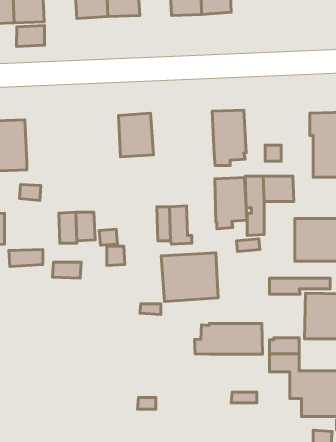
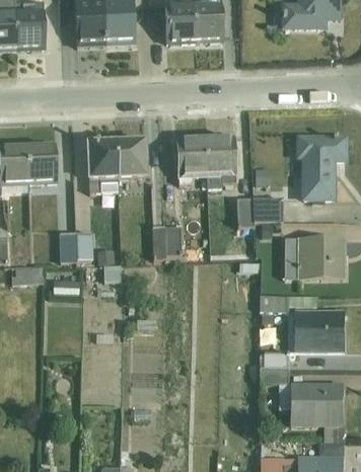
building: [17,26,45,46] -> none
building: none -> [86,140,118,192]
building: none -> [26,142,58,184]
building: [215,178,247,229] -> [176,136,207,184]
building: [161,253,218,302] -> none
building: [194,323,262,354] -> none

